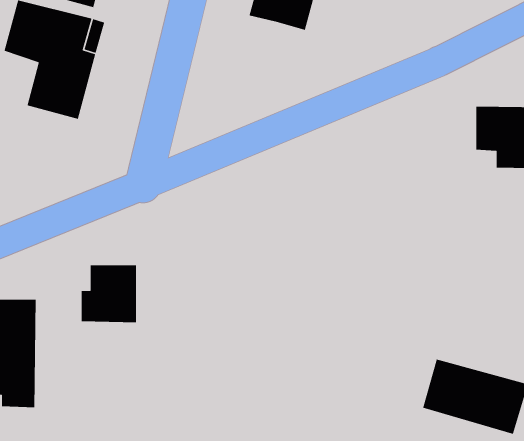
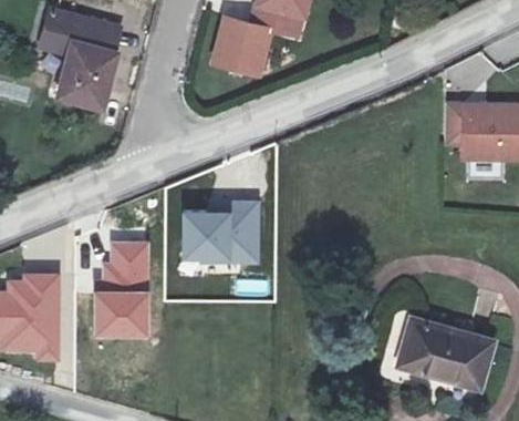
building: none -> [210,17,271,75]
building: none -> [179,199,262,265]
building: none -> [93,290,150,332]

